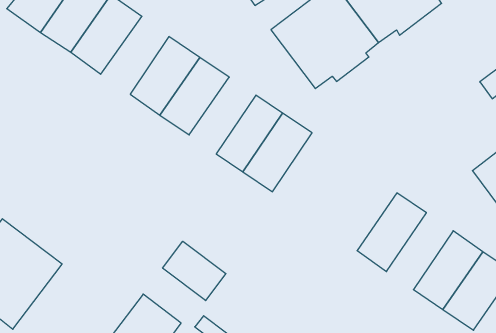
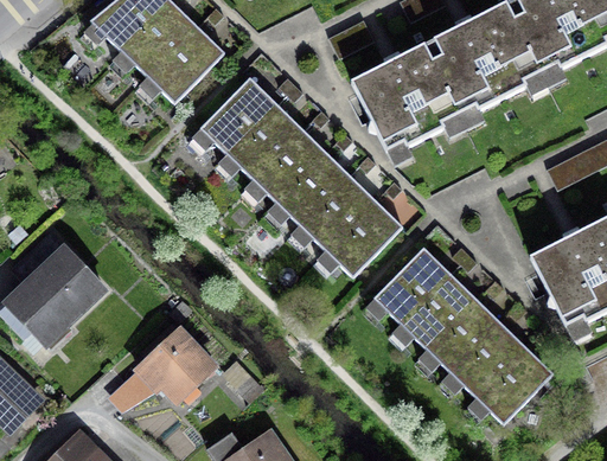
building: none -> [251,127,325,201]
building: none -> [325,197,403,275]
building: none -> [372,245,449,322]
building: none -> [426,296,499,371]
building: [163,241,226,301] -> none

